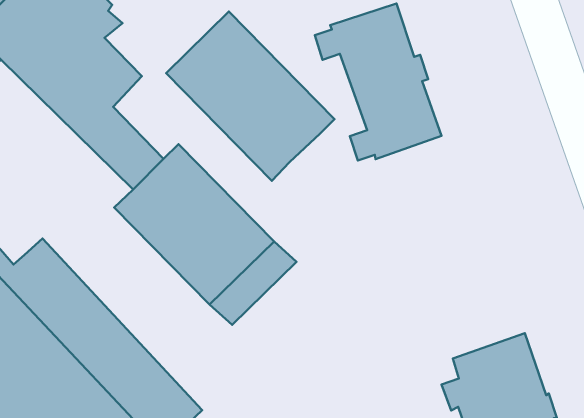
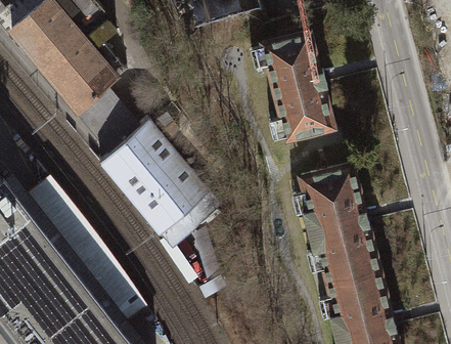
building: [166,11,334,181] -> none
building: none -> [288,167,375,285]

